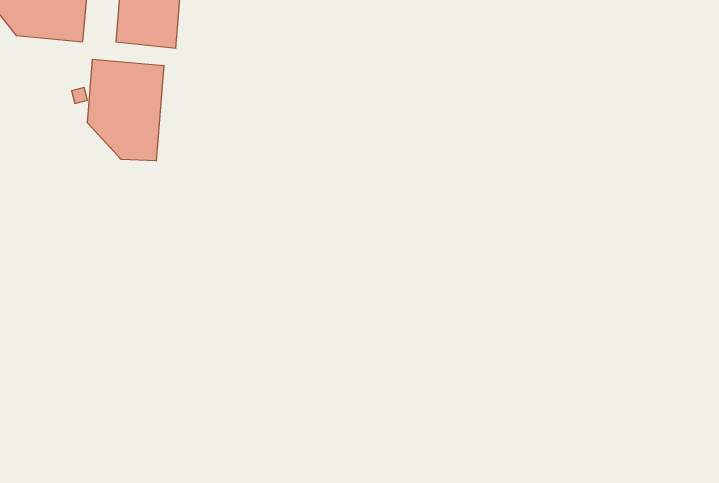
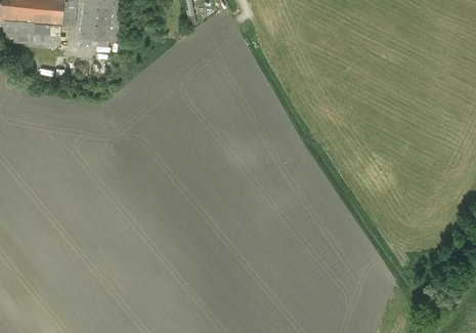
building: [87,59,164,161] -> none

